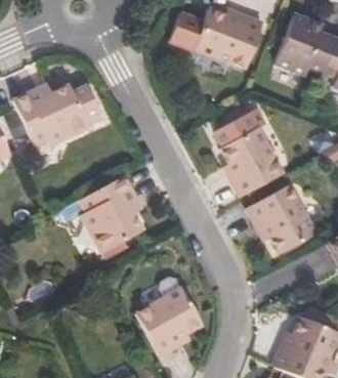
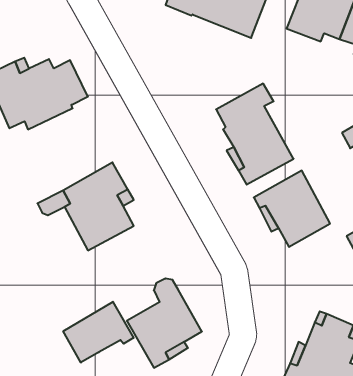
building: none -> [63,302,134,363]

